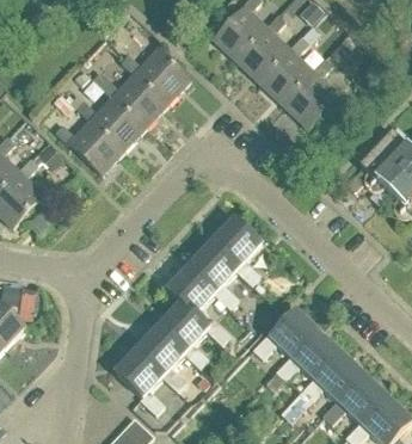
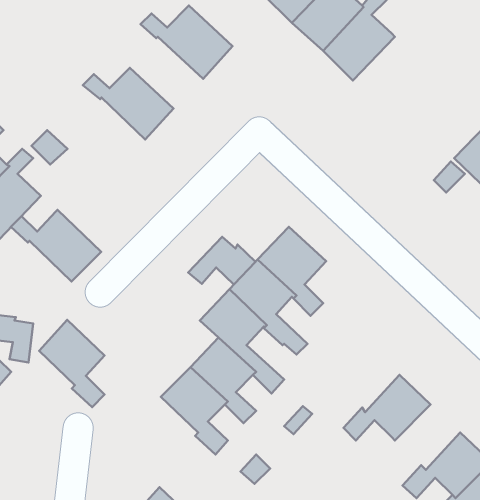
building: [283,56,339,127] -> none
building: [92,69,168,125] -> none
building: [55,117,124,172] -> [11,210,101,281]
building: none -> [188,237,255,285]
building: [252,308,319,358] -> none
building: [115,346,165,413] -> [39,320,105,407]
building: [299,352,365,402] -> none

